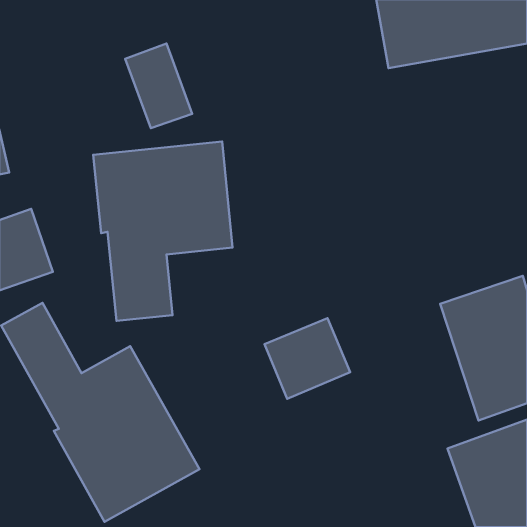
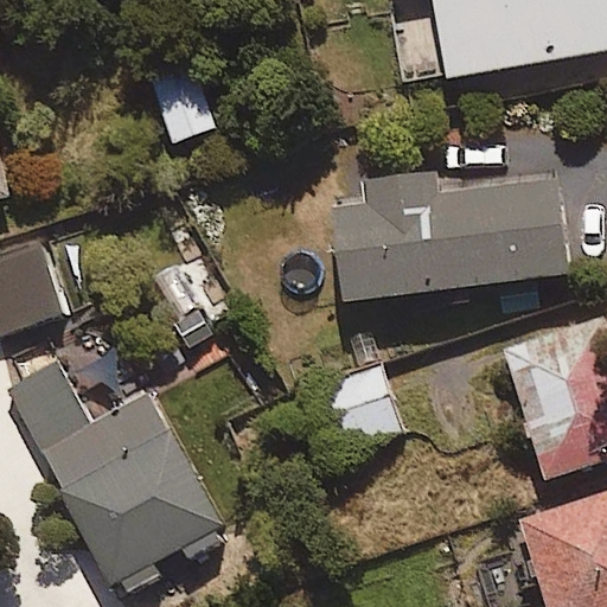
building: [93,141,232,321] -> none
building: none -> [333,172,569,299]

